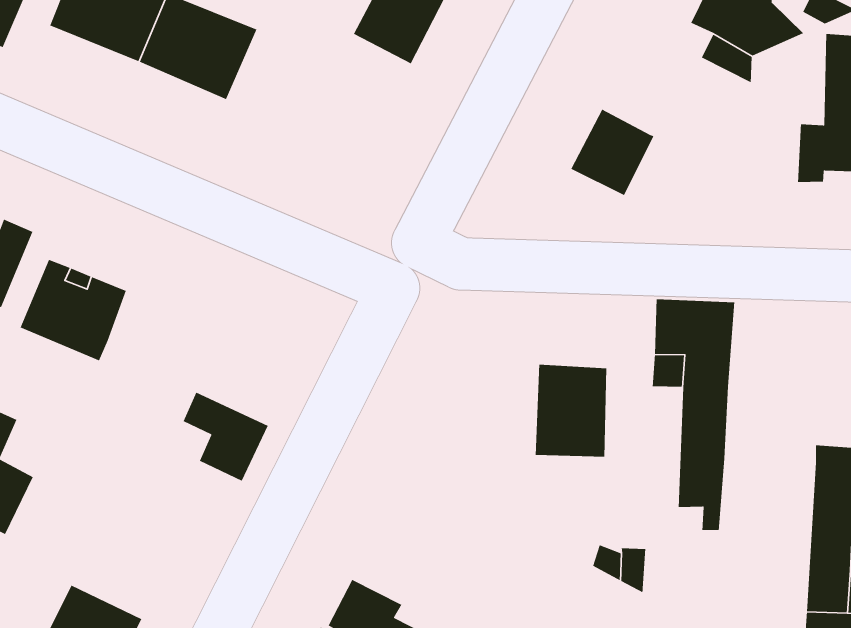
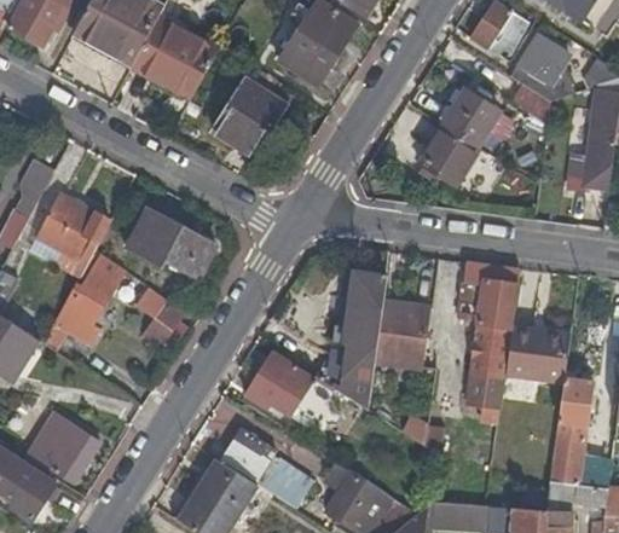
building: none -> [442,92,496,147]
building: none -> [212,77,284,155]
building: none -> [125,210,214,277]
building: none -> [329,271,383,409]
building: none -> [59,255,121,338]
building: none -> [503,323,571,380]
building: none -> [245,353,317,416]

